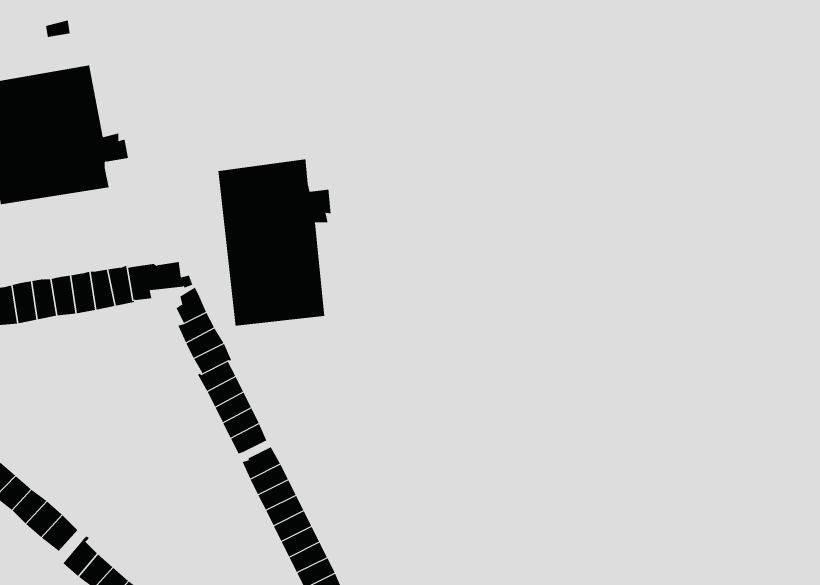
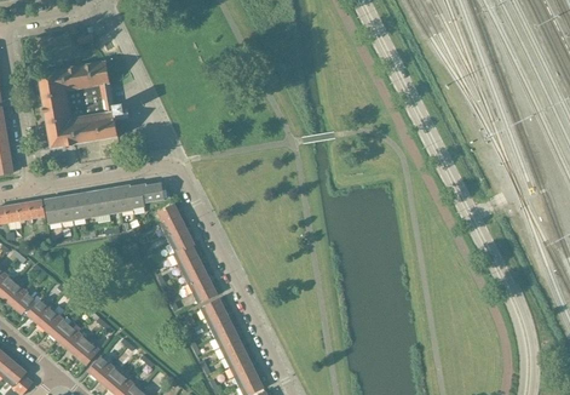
building: [218,159,331,326] -> none

